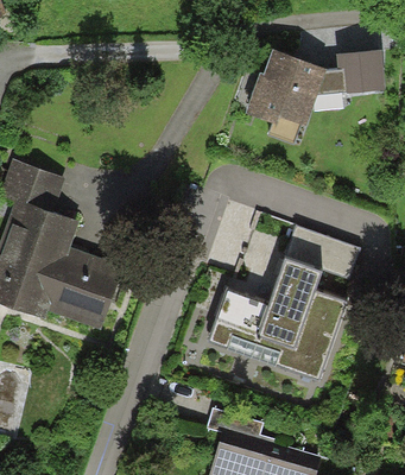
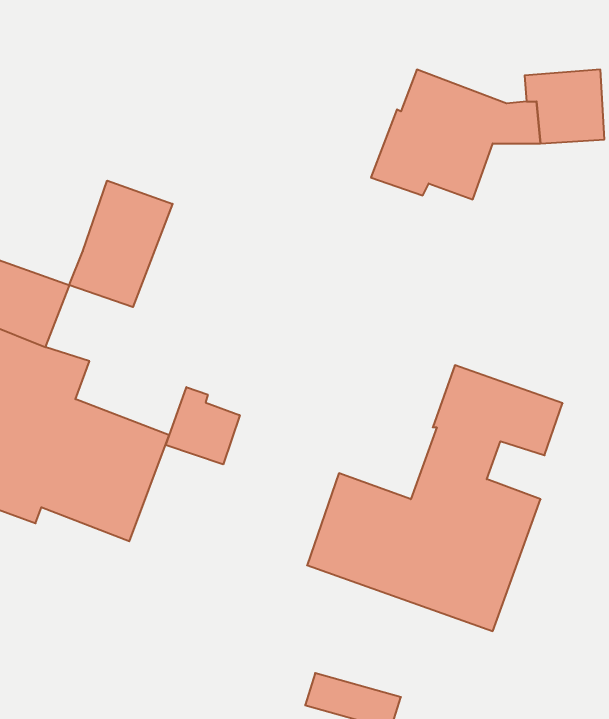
building: none -> [69,181,173,307]
building: none -> [166,387,240,464]

